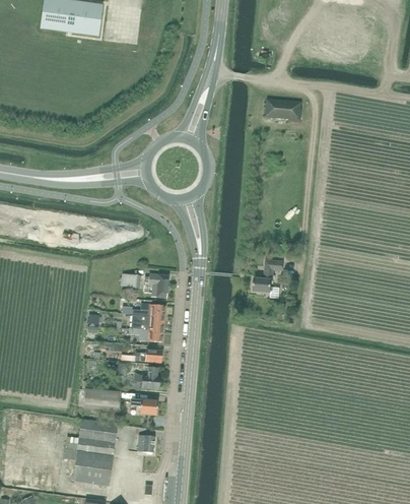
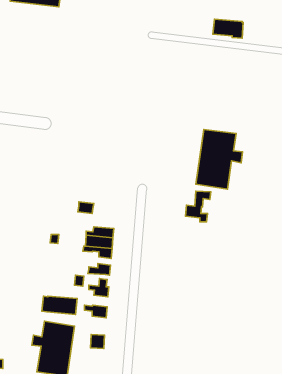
building: [265,99,301,122] -> [213,19,243,38]
building: none -> [196,129,243,189]
building: [144,273,167,298] -> none

